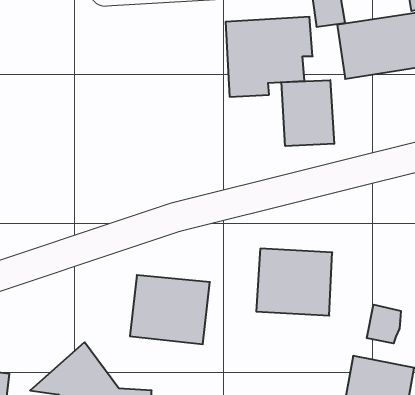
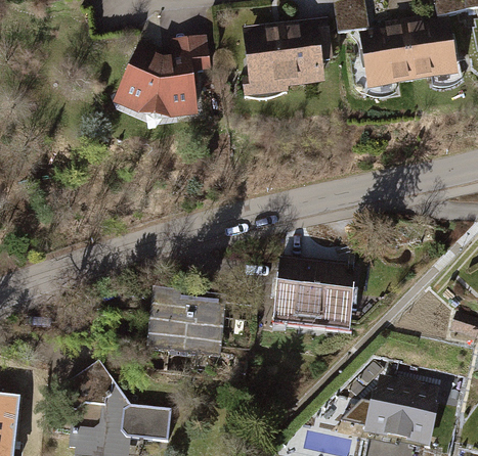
building: none -> [115,36,211,126]
building: [282,80,334,146] -> none
building: [367,305,401,343] -> none

